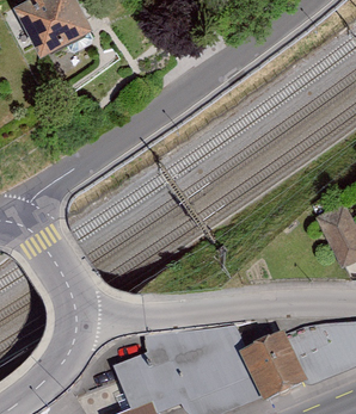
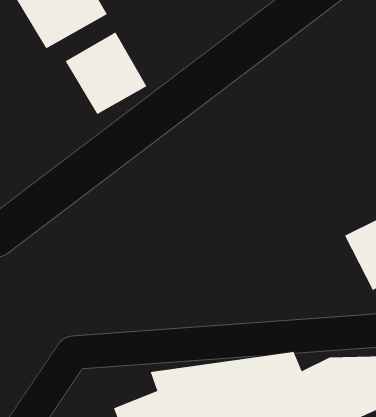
building: none -> [65,31,147,115]

